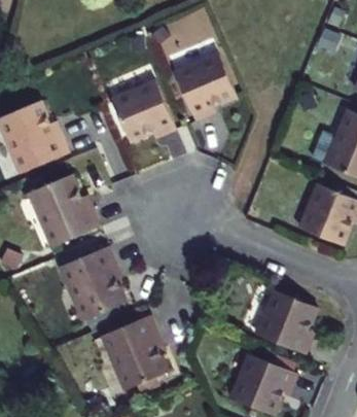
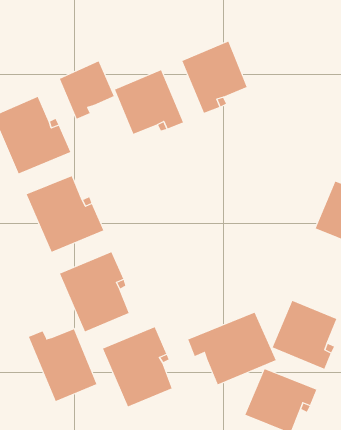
building: none -> [59,61,114,119]
building: none -> [187,312,276,385]
building: none -> [28,328,97,402]

